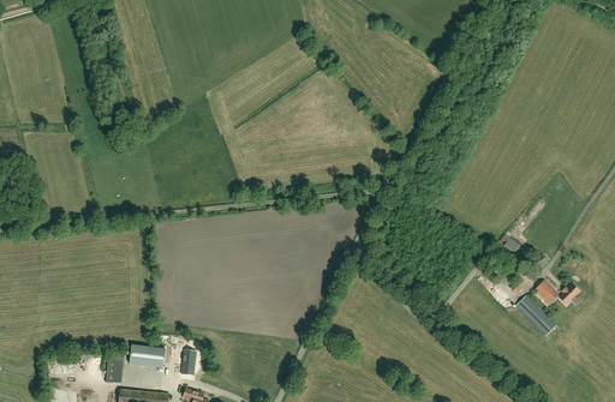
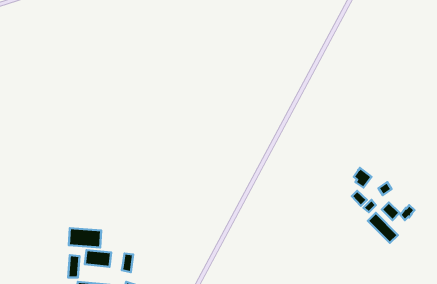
building: none -> [69,228,101,248]

